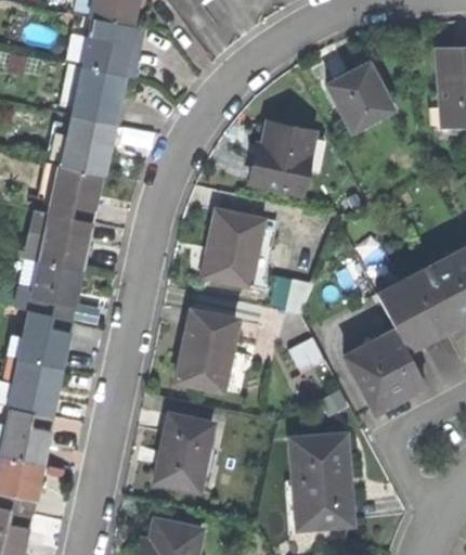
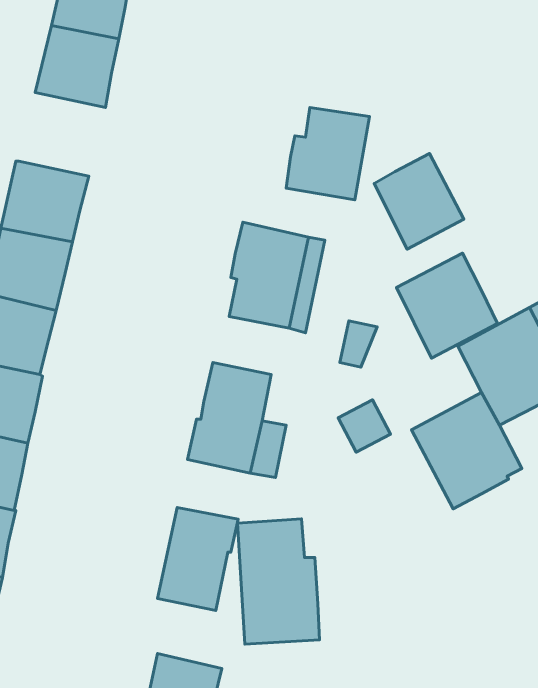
building: [327,63,392,132] -> [374,154,464,249]
building: [56,113,119,173] -> none
building: none -> [397,253,498,358]
building: [295,436,354,527] -> [237,519,319,644]

